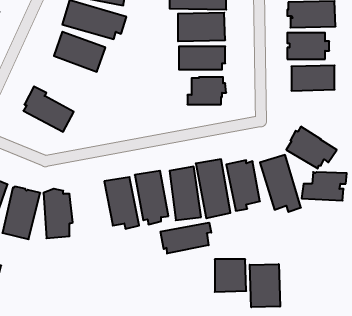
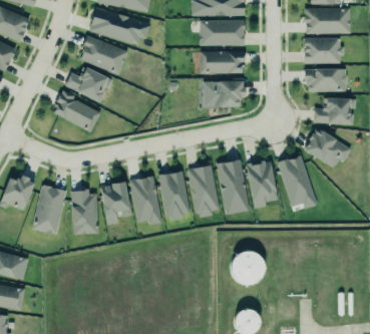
building: none -> [64,65,111,100]
building: [302,172,347,201] -> [312,97,355,124]
building: none -> [99,181,130,225]
building: [161,223,211,254] -> none
building: [250,264,280,307] -> none

